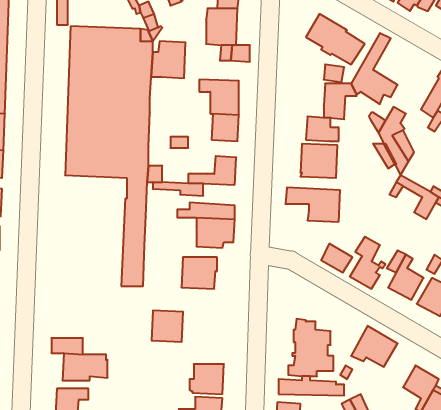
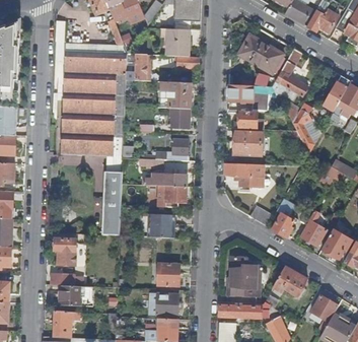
building: none -> [228,84,254,101]
building: none -> [54,238,75,265]
building: [152,310,183,342] -> [156,263,180,286]

